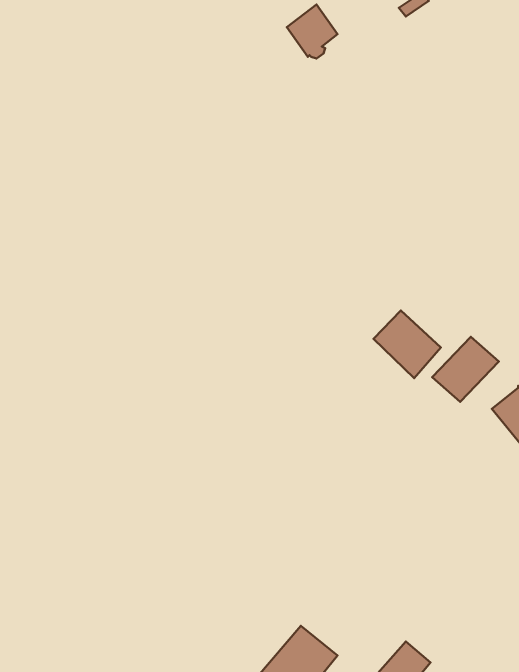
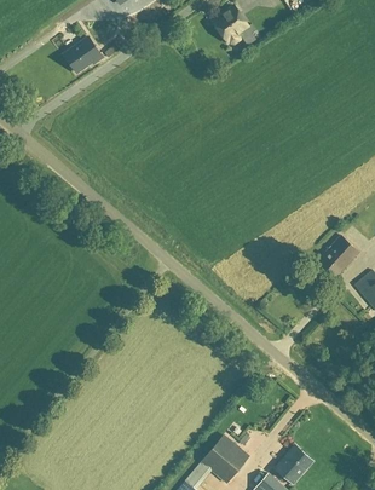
building: none -> [67,41,103,73]
building: [374,310,441,378] -> none

